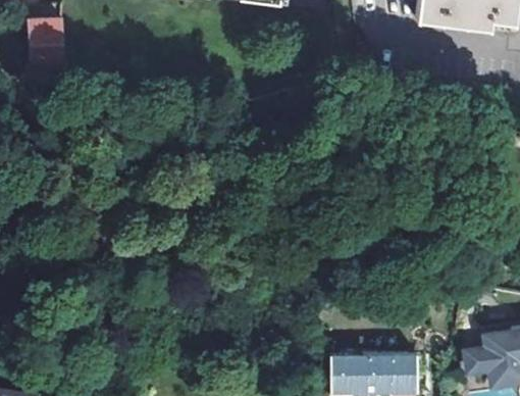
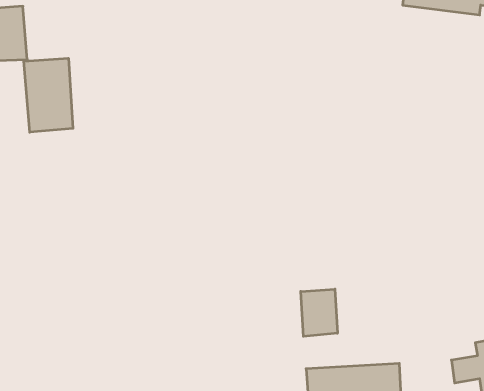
building: none -> [24,58,73,132]
building: none -> [301,289,337,336]

